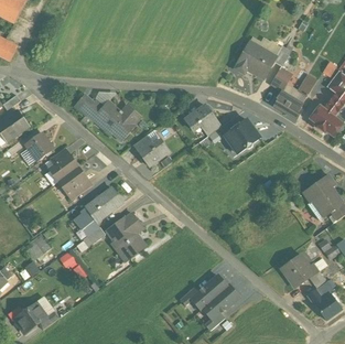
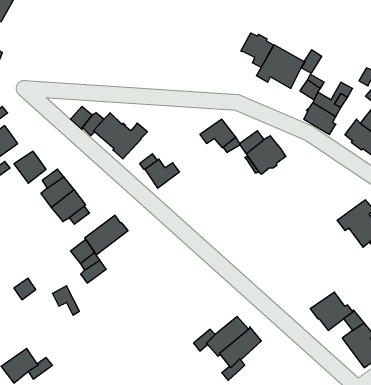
building: none -> [241,33,274,67]
building: [106,213,145,257] -> none

